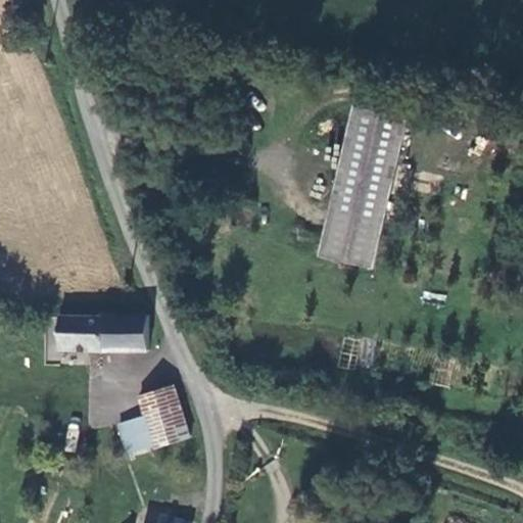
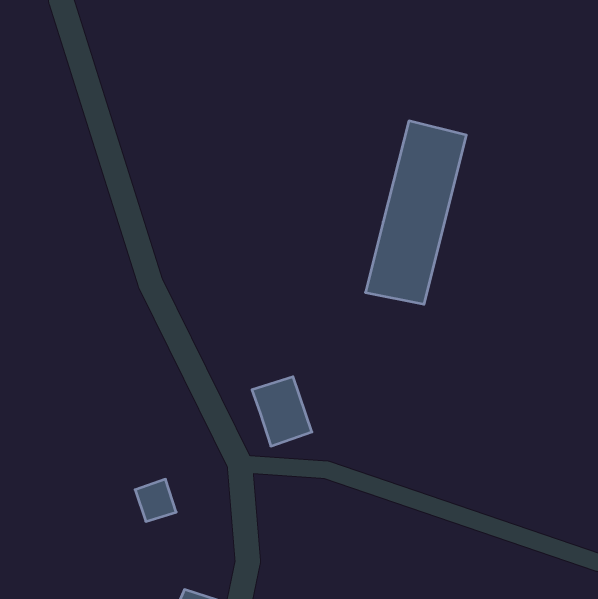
building: [60,312,150,350] -> none
building: [137,386,189,446] -> [252,377,312,446]

